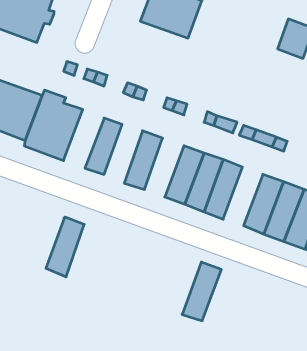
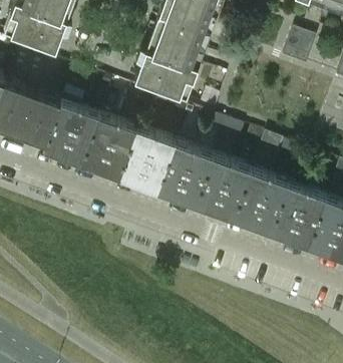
building: none -> [134,36,204,104]
building: none -> [80,119,118,174]
building: none -> [156,146,194,202]
building: [46,217,84,277] -> [118,132,154,189]
building: [182,262,221,321] -> [231,173,268,229]

